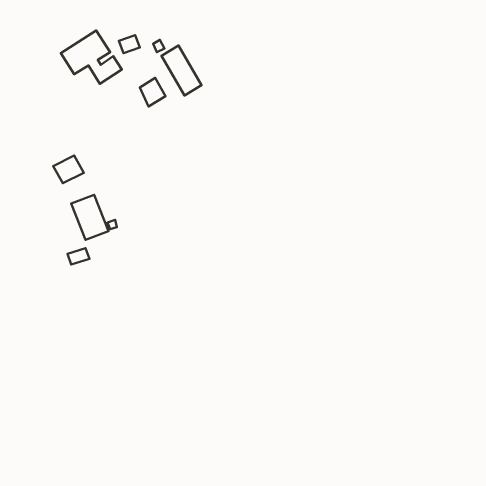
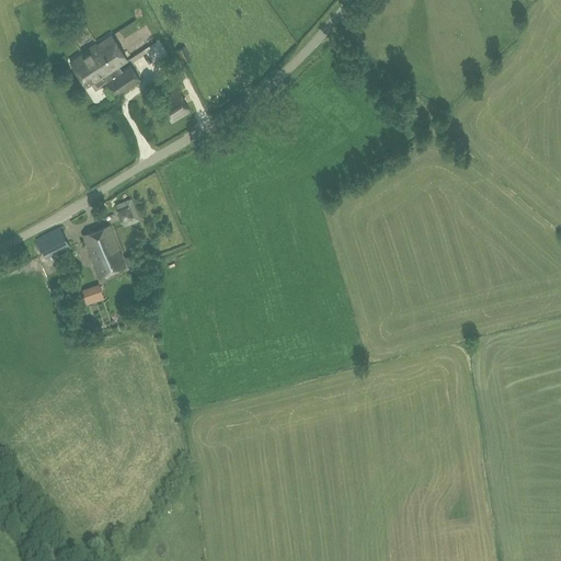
building: [161,46,201,95] -> none
building: [53,156,84,183] -> [35,227,70,259]

